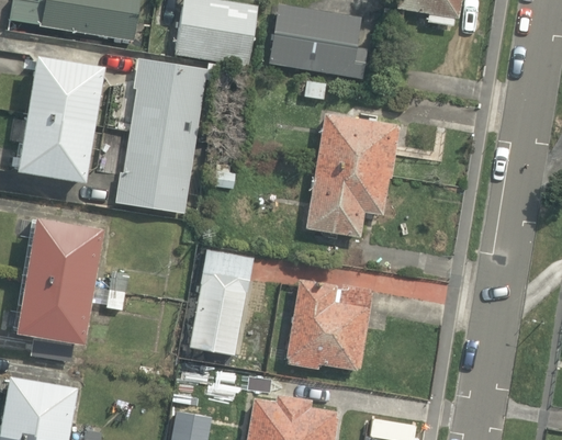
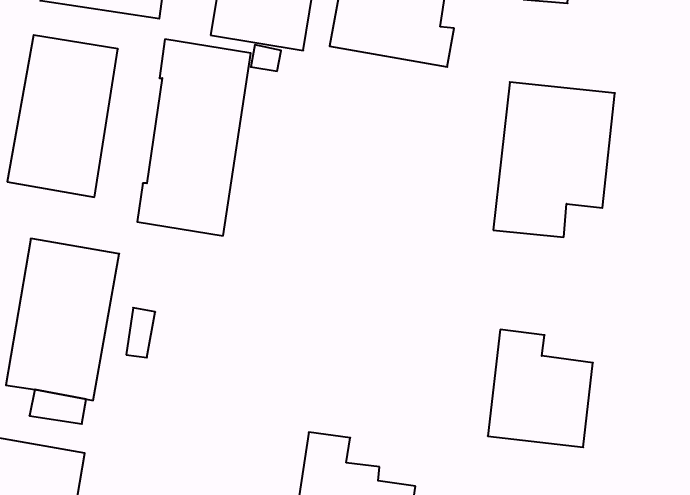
building: [304,116,401,239] -> [493,82,615,237]
building: [188,247,250,354] -> none
building: [285,279,369,372] -> [488,330,593,447]

